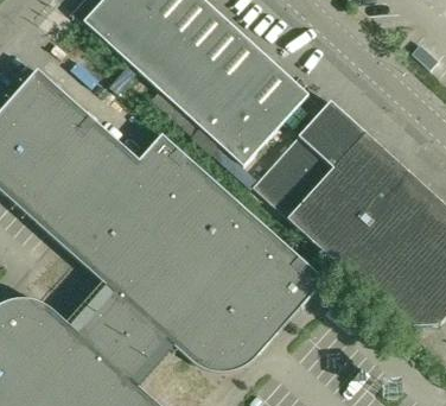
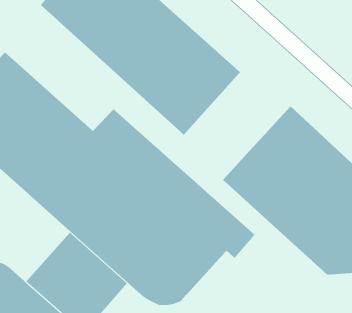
building: [253,100,365,216] -> none

